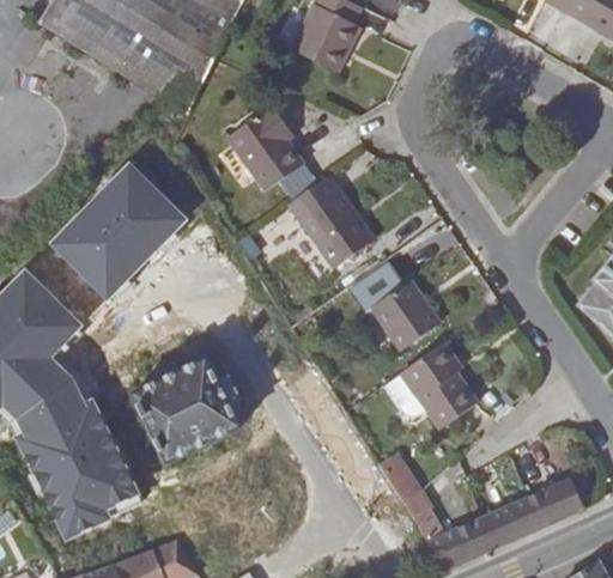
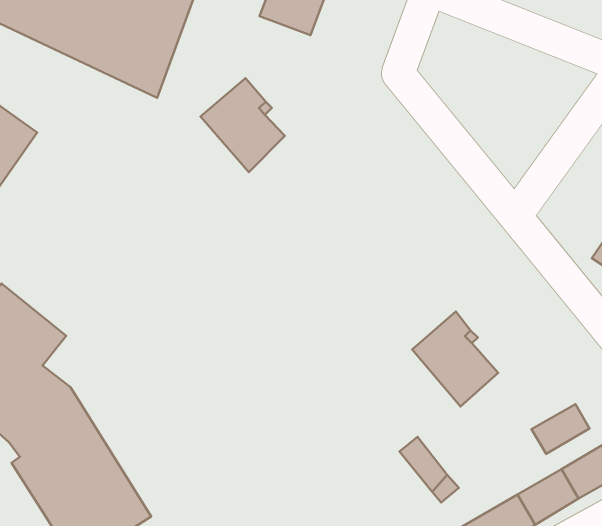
building: [51,164,186,298] -> none
building: [289,175,374,267] -> none
building: [350,262,441,351] -> none
building: [132,357,239,463] -> none
building: none -> [532,404,589,454]

